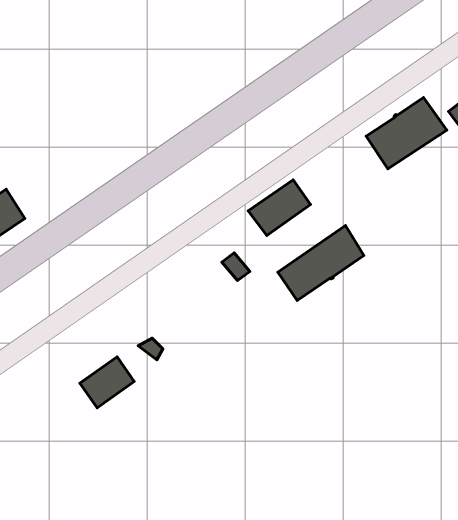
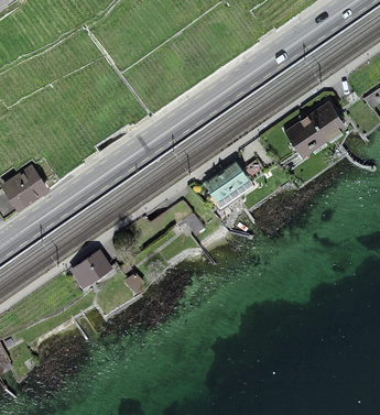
building: [278,226,364,301] -> none
building: [80,357,134,408] -> [73,251,111,287]

